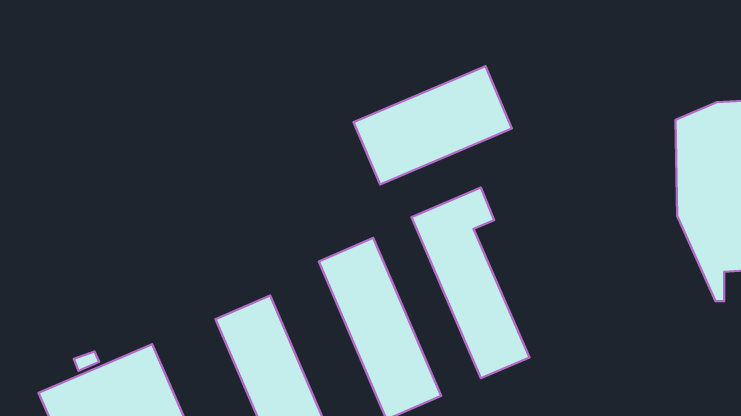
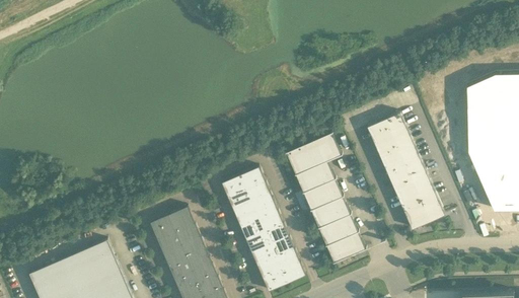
building: [354,66,512,185] -> none
building: none -> [368,114,445,230]

